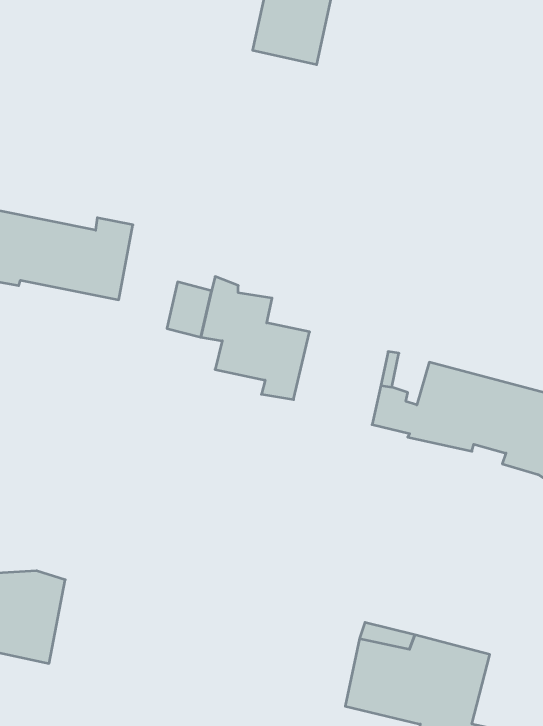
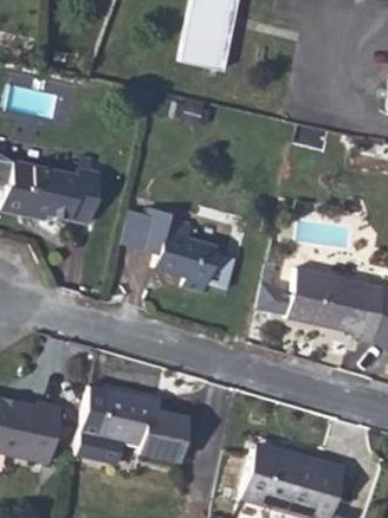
building: none -> [73,384,185,461]

